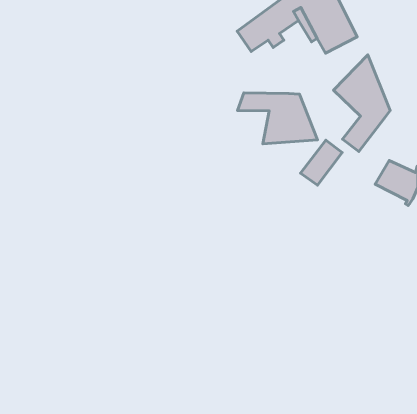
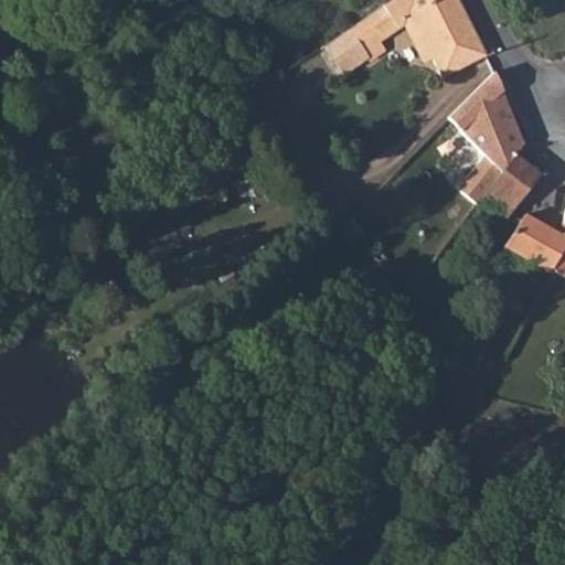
building: [238,93,318,144] -> none
building: [300,140,342,185] -> [486,160,542,221]

